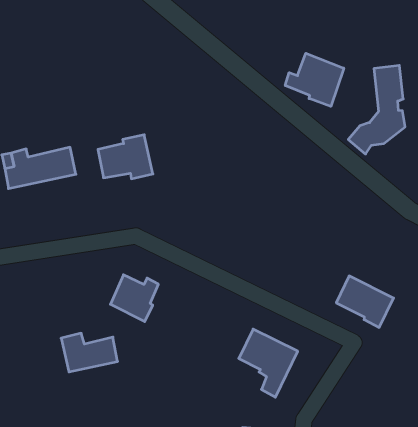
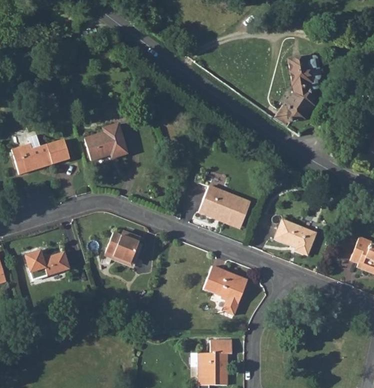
building: [285,53,344,106] -> none
building: none -> [199,186,251,229]
building: [61,333,118,372] -> [25,251,69,281]

